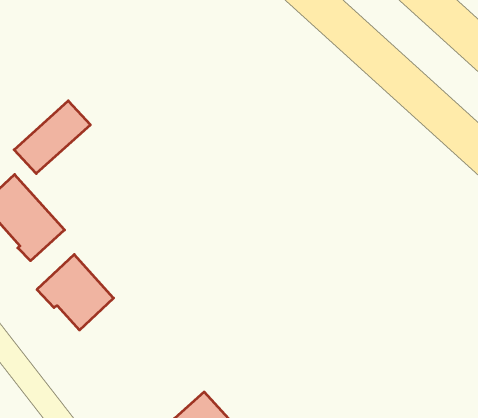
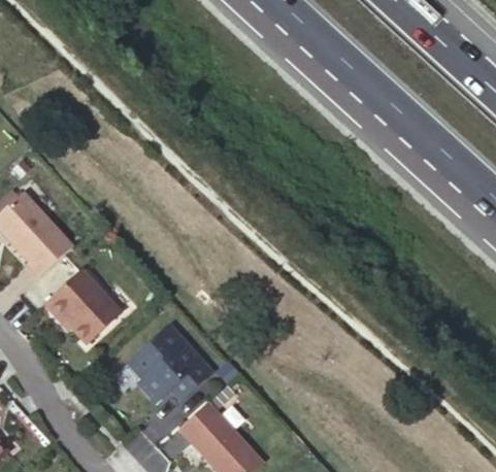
building: [14,101,90,174] -> none
building: none -> [128,326,210,401]

